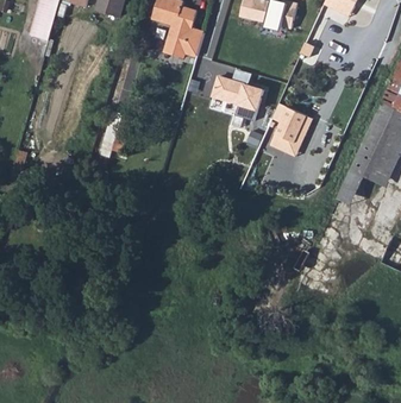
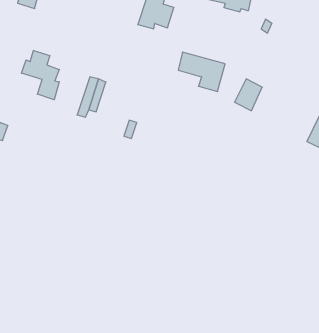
building: none -> [21,50,59,100]
building: [268,117,311,156] -> none

